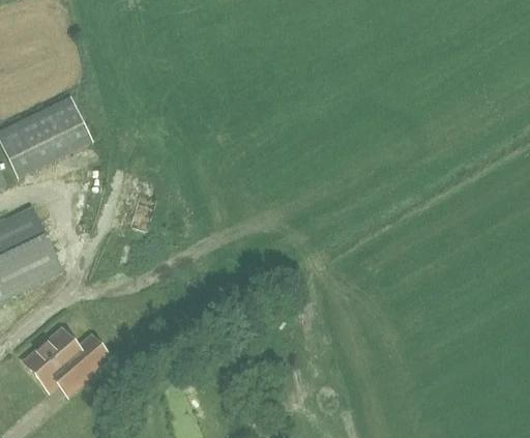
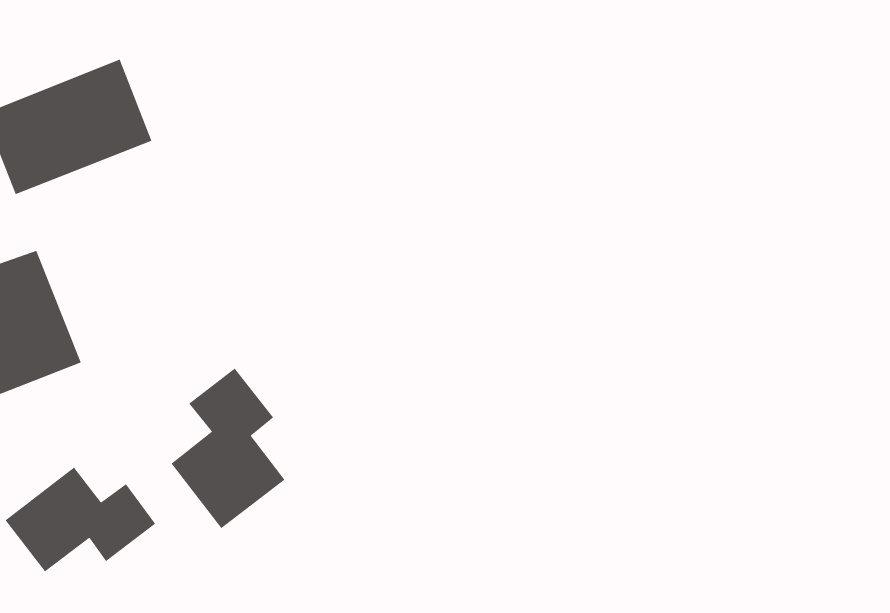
building: none -> [170,368,286,529]

